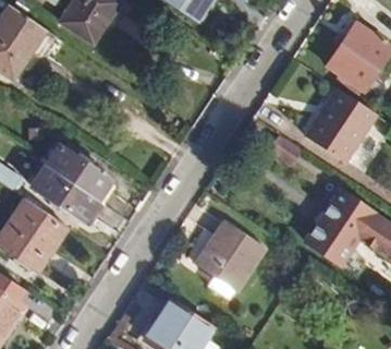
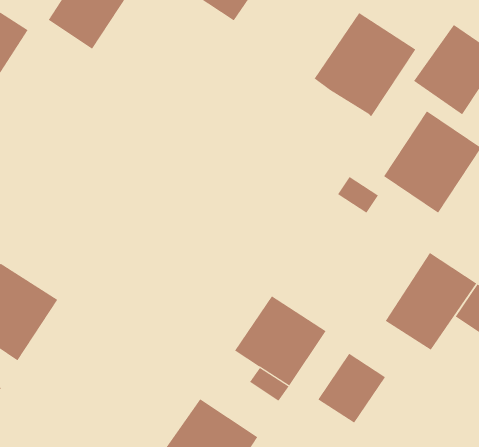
building: none -> [314,12,416,117]
building: [32,145,111,221] -> none
building: none -> [318,353,386,424]

